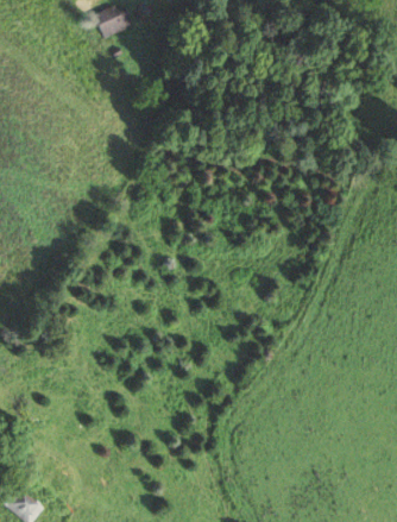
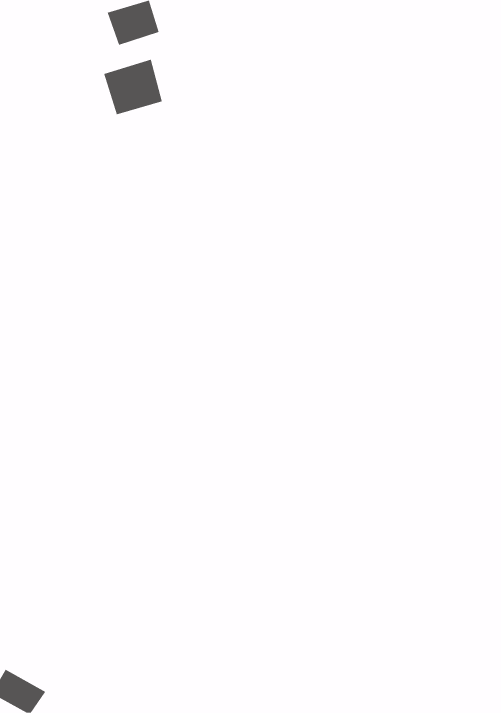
building: none -> [104,59,163,115]

